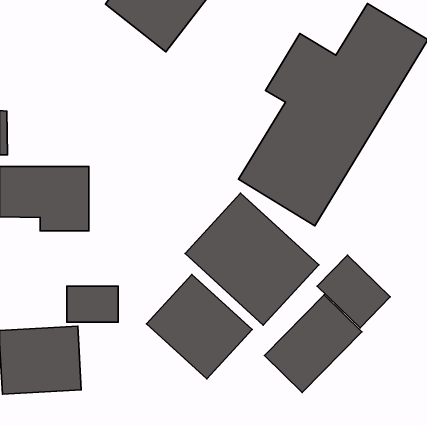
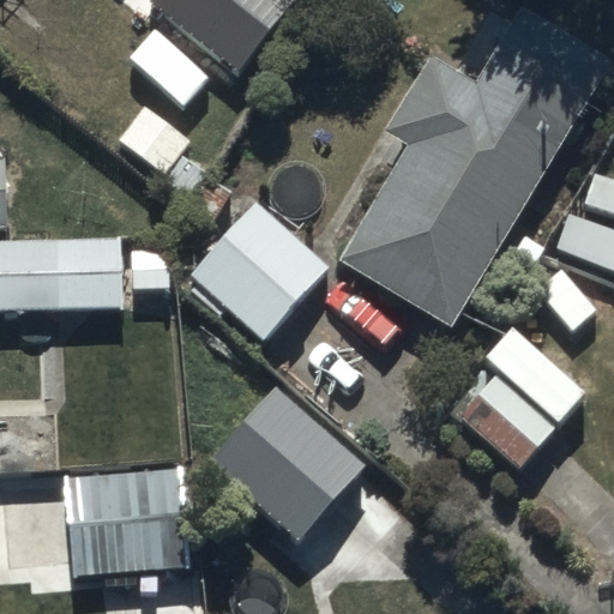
building: none -> [187,199,325,337]
building: [185,193,319,325] -> none
building: [265,295,362,392] -> none

